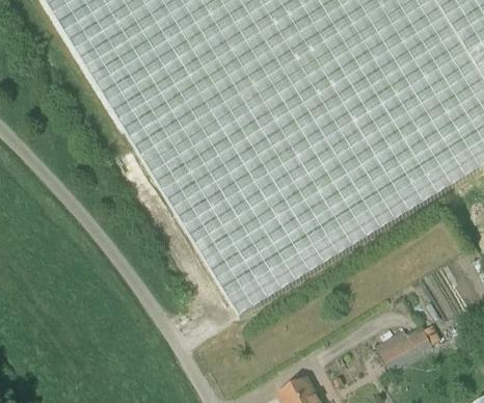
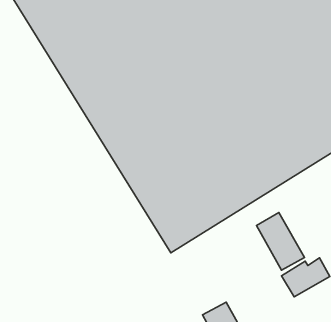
building: none -> [256,213,304,270]

